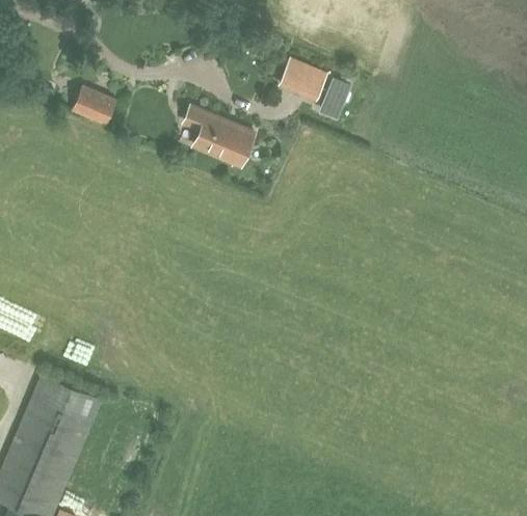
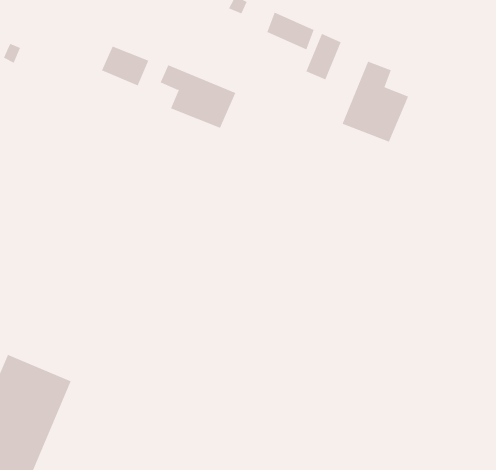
building: [71,87,115,125] -> [101,46,149,86]
building: none -> [342,61,409,143]

